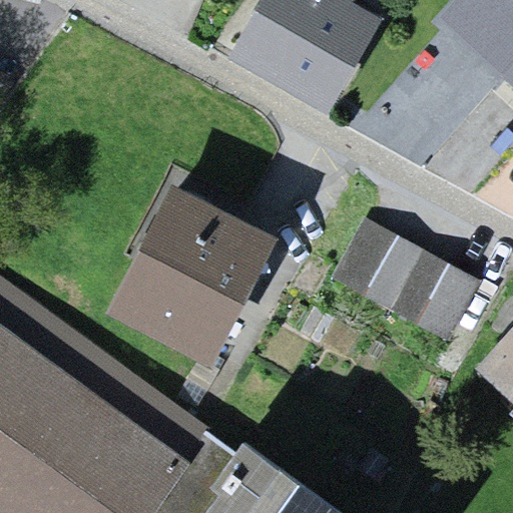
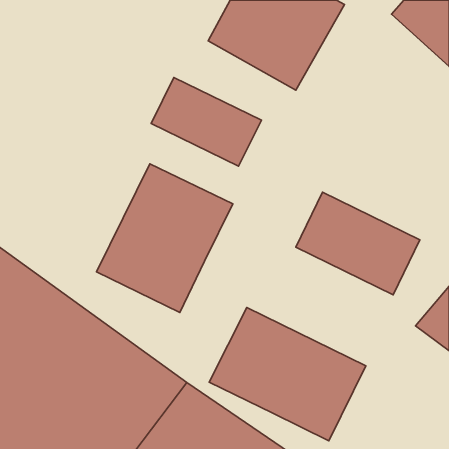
building: none -> [151,77,261,166]
building: none -> [209,308,366,441]

